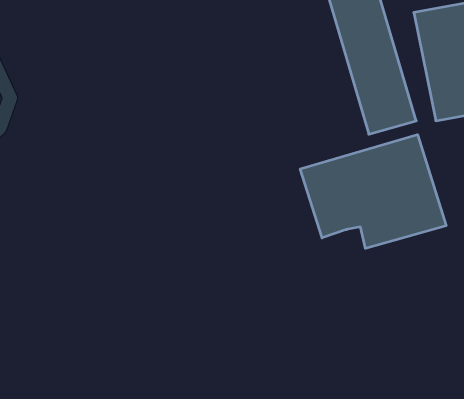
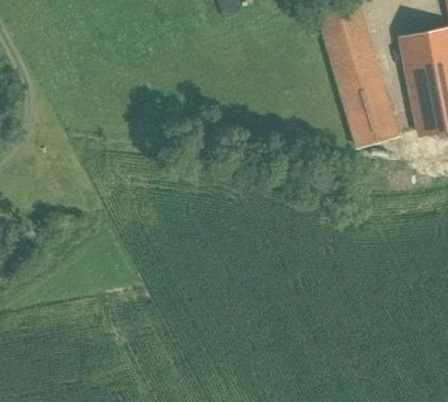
building: [300,135,446,248] -> none

